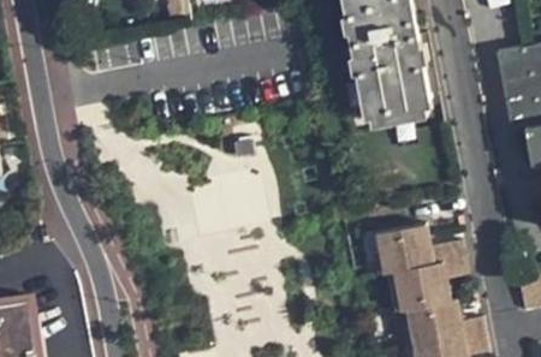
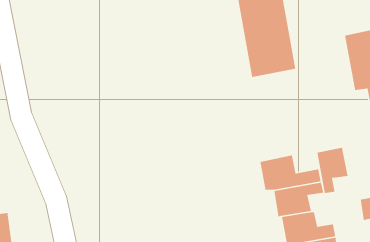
building: none -> [317,147,348,194]

